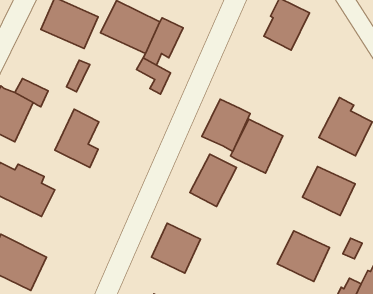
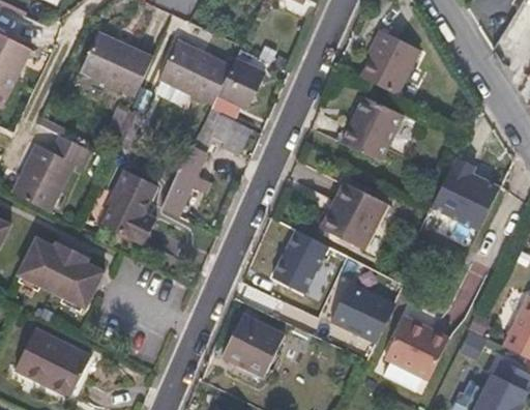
building: none -> [160,143,210,215]
building: [202,99,250,152] -> [342,99,402,165]
building: [303,166,355,216] -> [327,280,392,341]

